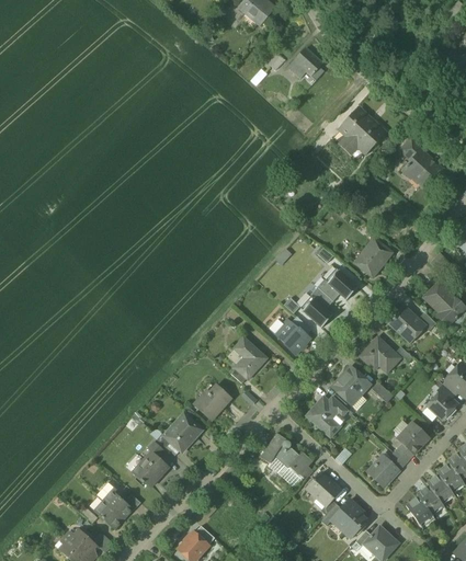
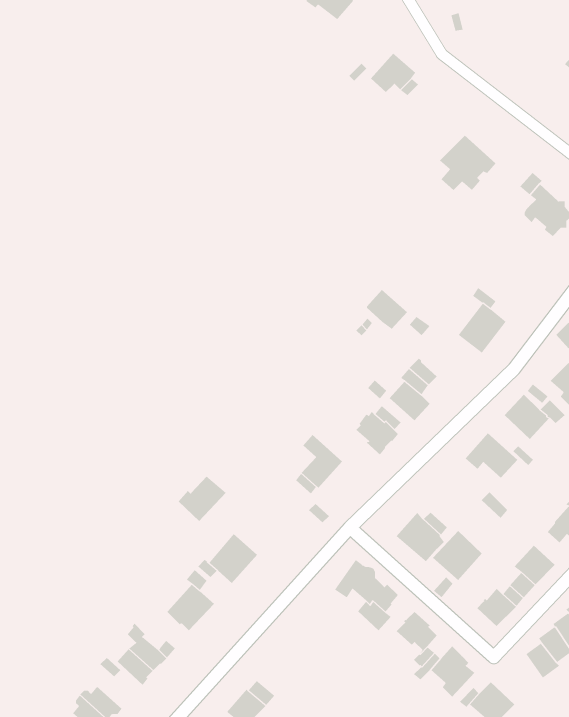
building: [327,268,359,299] -> [366,289,408,329]
building: [331,366,370,404] -> [432,530,483,581]
building: [194,385,231,420] -> [178,476,227,522]

